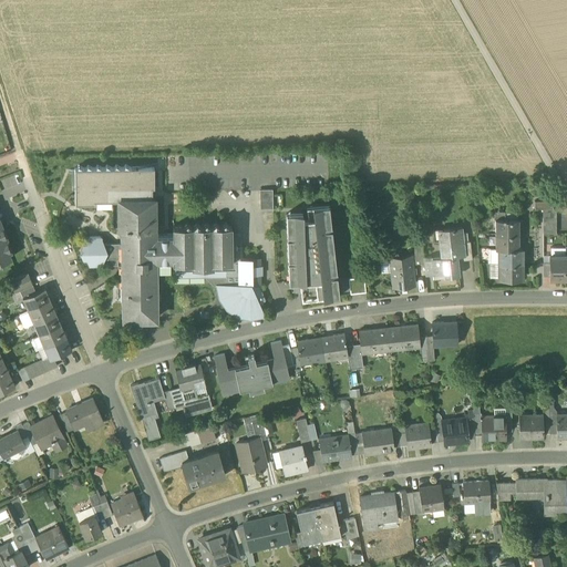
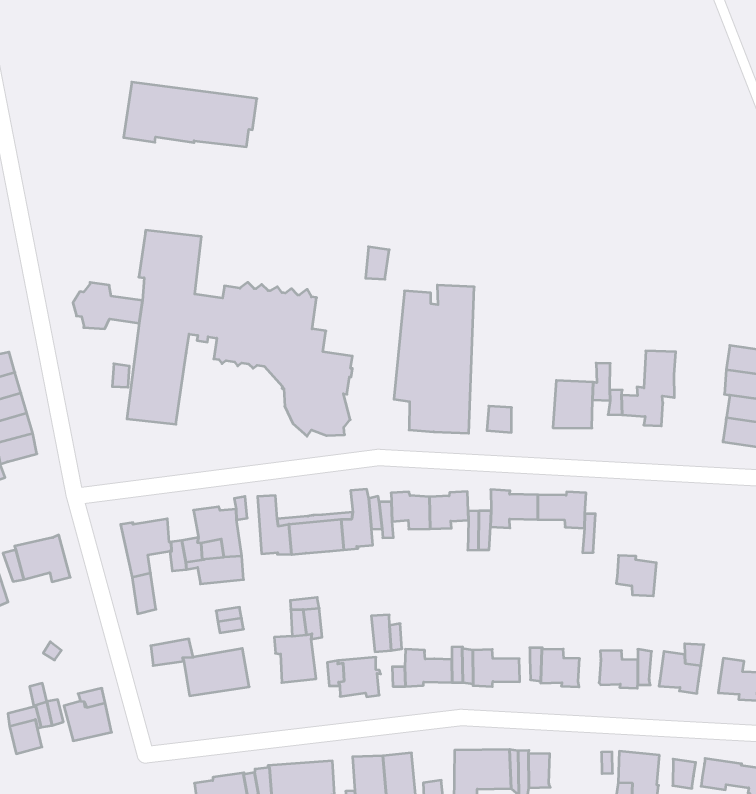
building: [75,168,155,205] -> [124,82,257,147]
building: [433,322,458,347] -> [616,555,656,596]
building: [419,485,444,509] -> none

